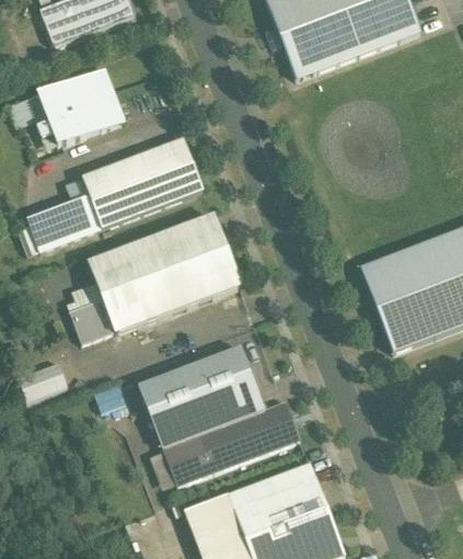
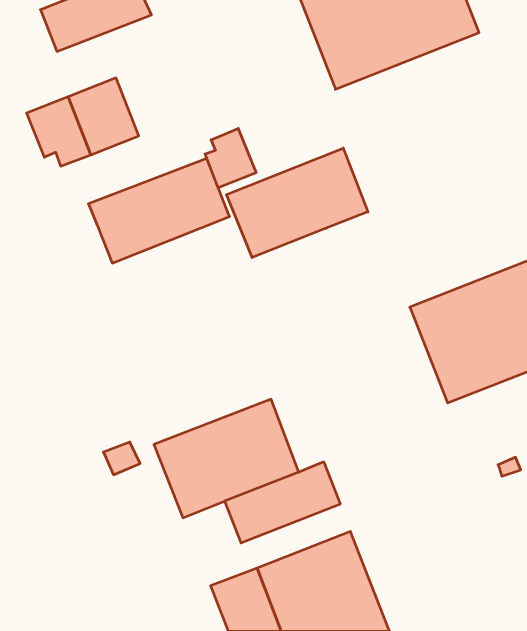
building: none -> [205,128,256,188]
building: none -> [226,148,368,258]
building: [27,196,102,252] -> none
building: [67,213,241,345] -> none
building: [163,436,213,487] -> none

